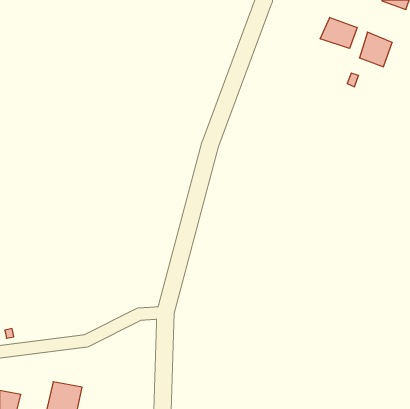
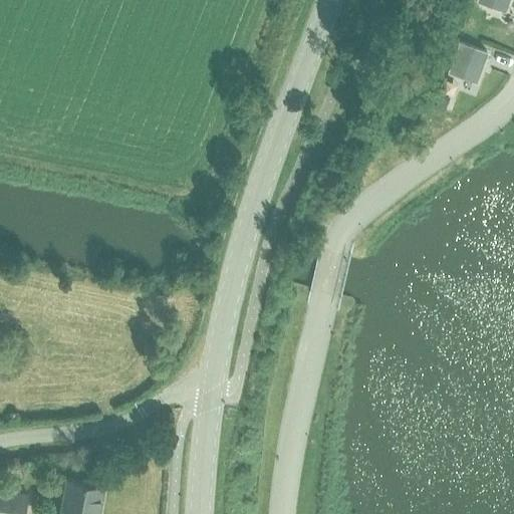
building: [320,17,357,48] -> none

